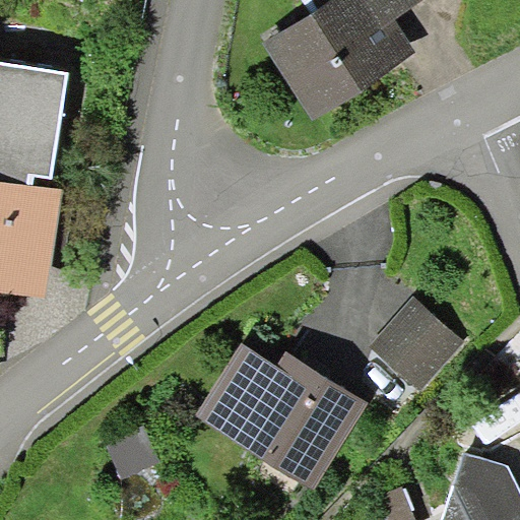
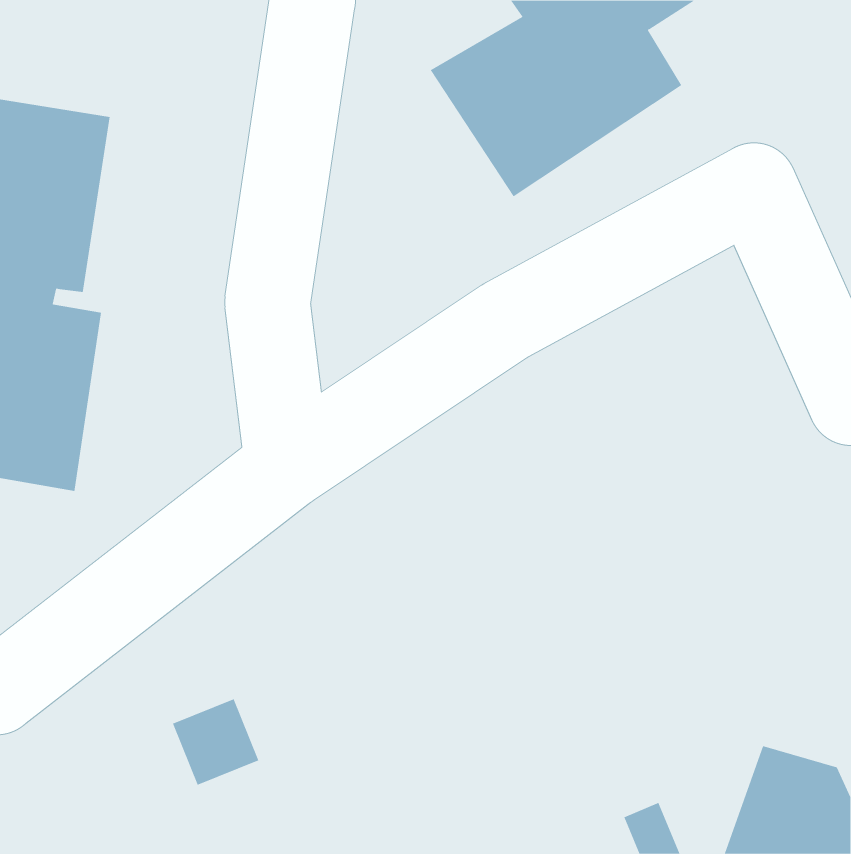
building: [370,297,464,390] -> none
building: [193,341,366,489] -> none

